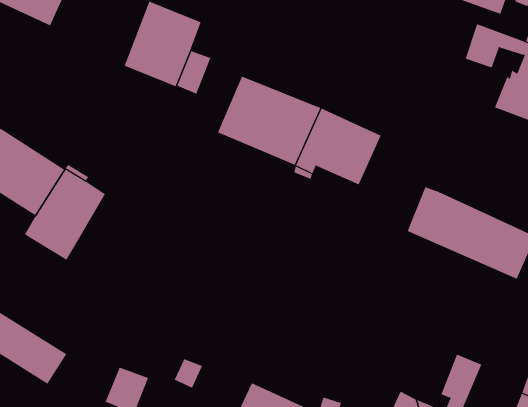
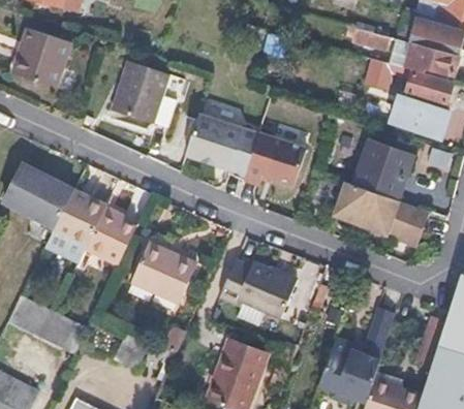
building: none -> [353,141,412,200]
building: none -> [87,208,136,265]
building: none -> [134,243,199,302]
building: none -> [218,259,295,315]

